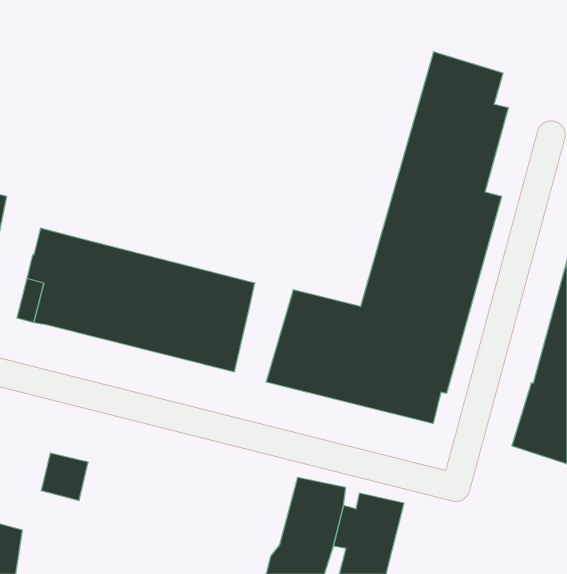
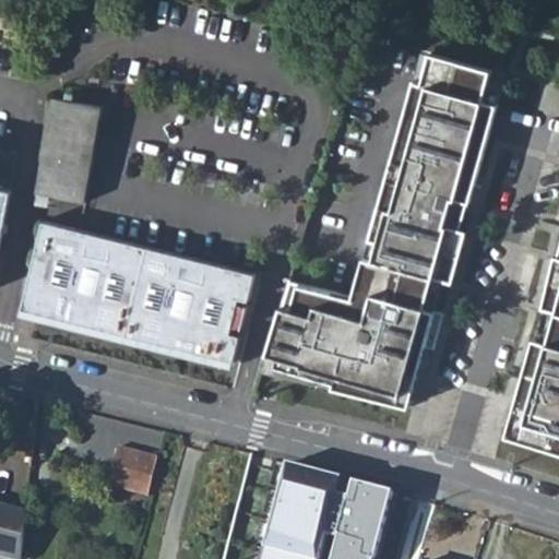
building: none -> [29,100,98,210]
building: [41,453,88,500] -> [107,451,153,497]

